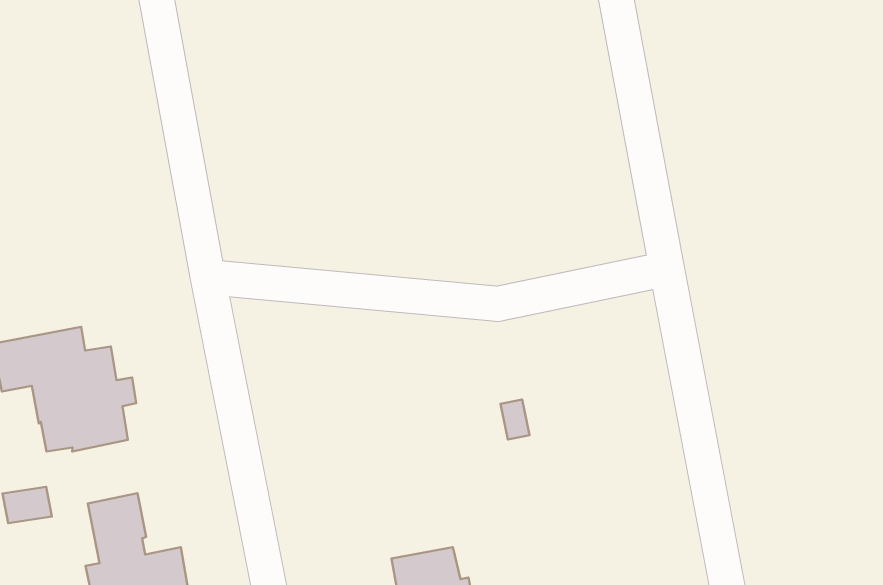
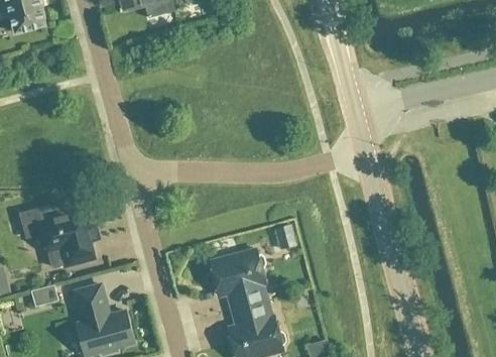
building: none -> [211,250,265,310]

